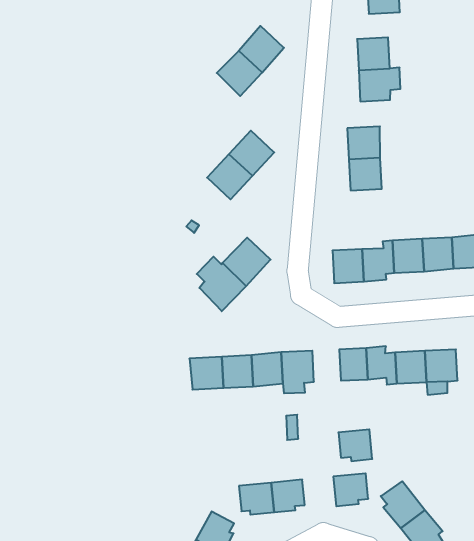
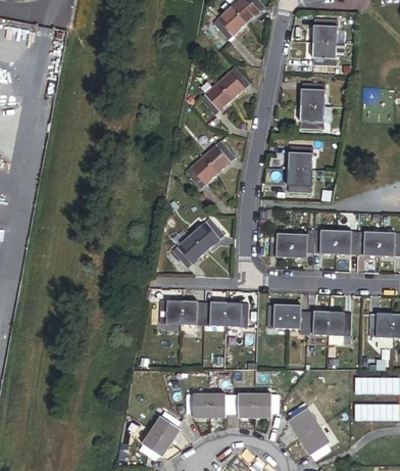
building: [338,429,372,461] -> [232,394,254,416]

